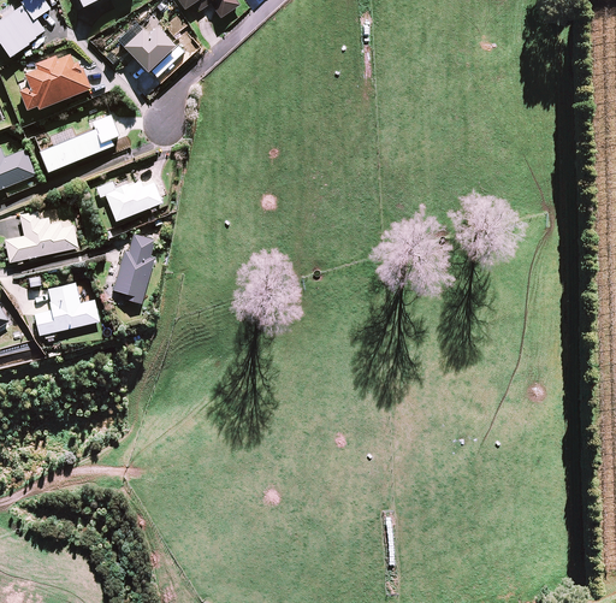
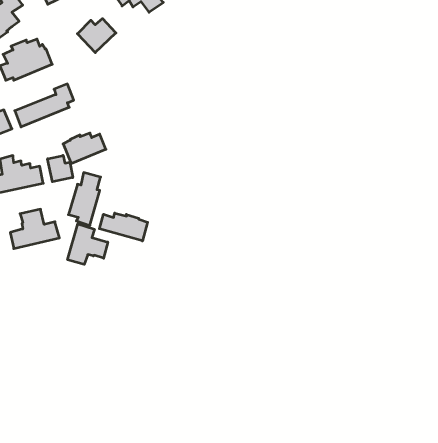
building: none -> [48,155,73,182]
building: none -> [99,213,148,241]
building: none -> [68,224,108,264]

